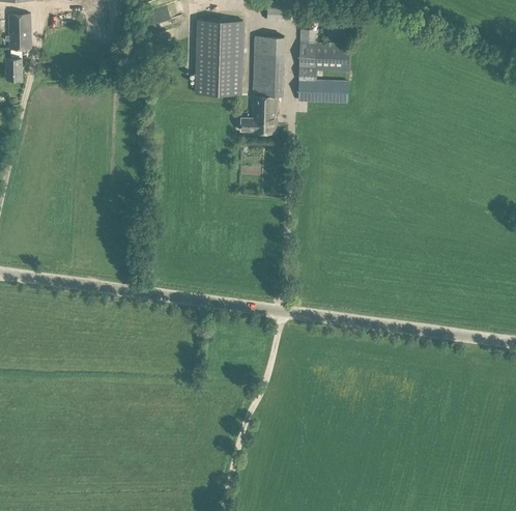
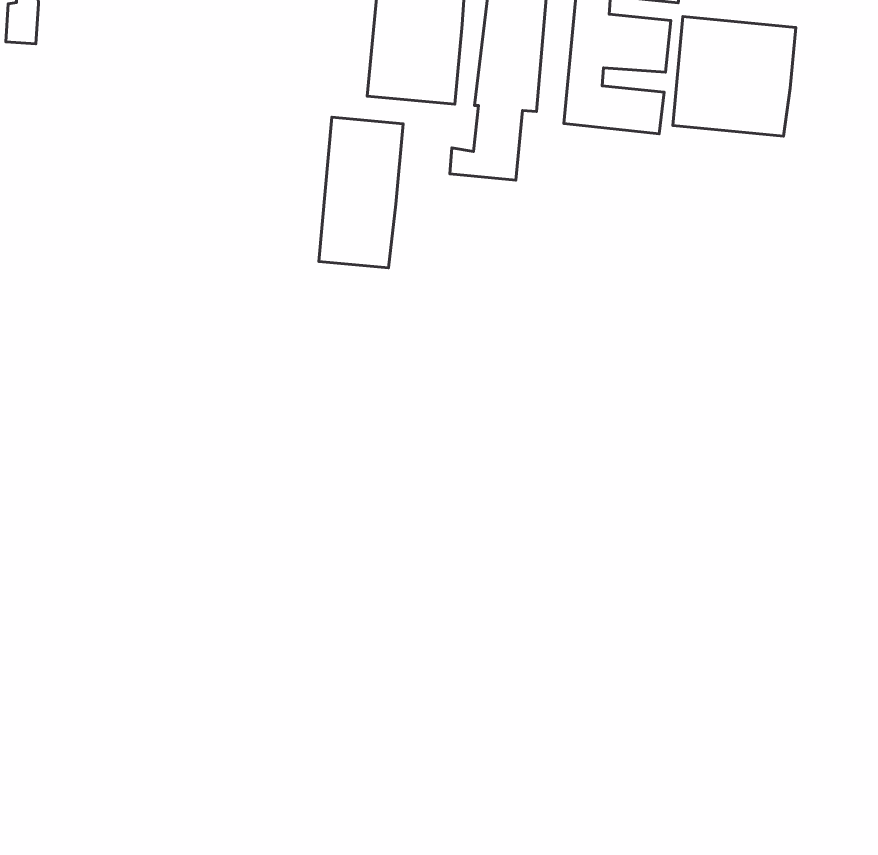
building: none -> [673,16,796,136]
building: none -> [319,117,403,268]

